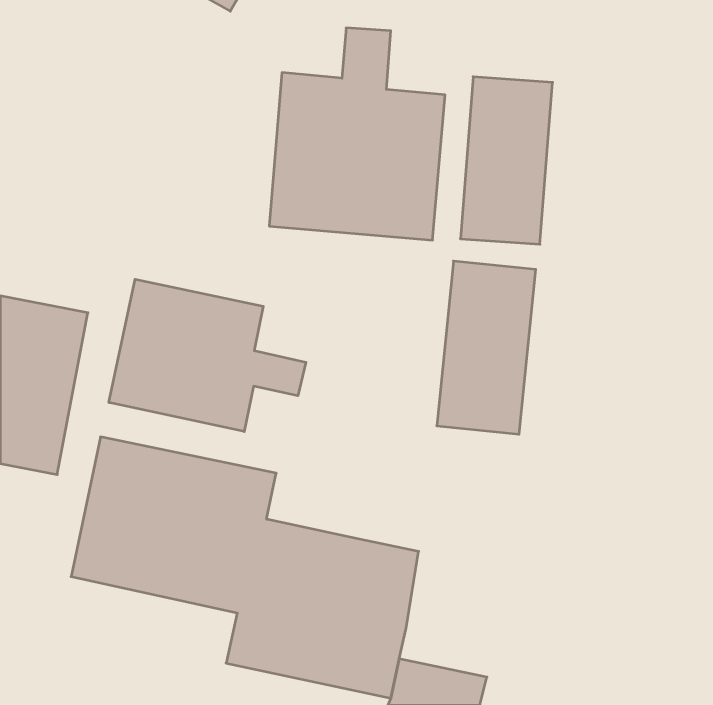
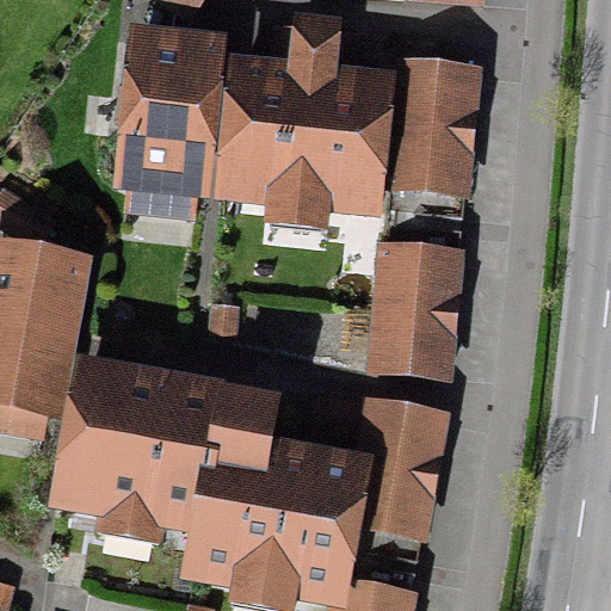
building: none -> [118,36,218,187]
building: [109,279,306,432] -> none
building: none -> [347,405,439,548]

